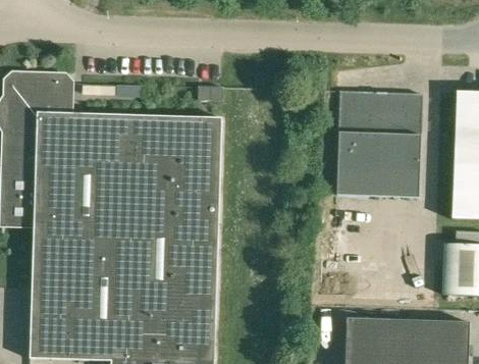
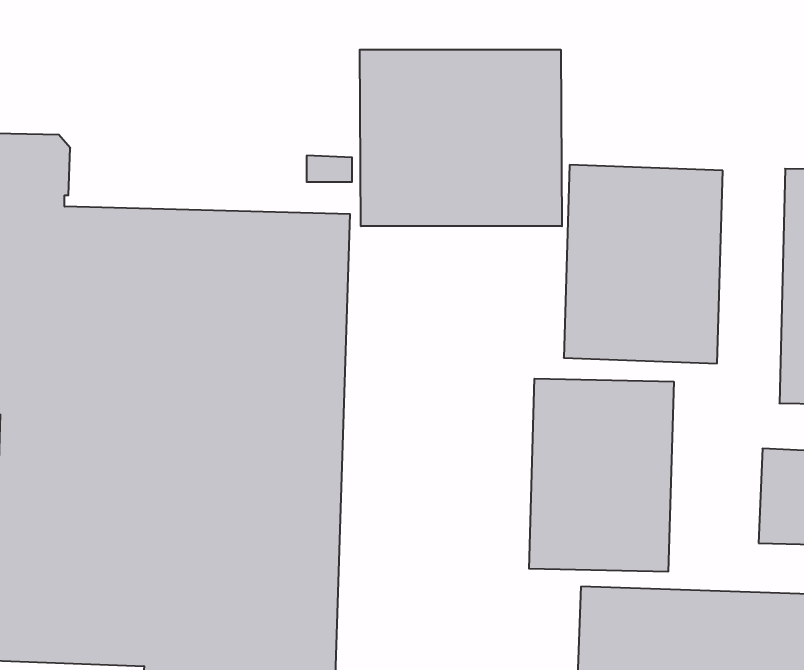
building: none -> [360,50,562,226]
building: none -> [529,379,674,572]

